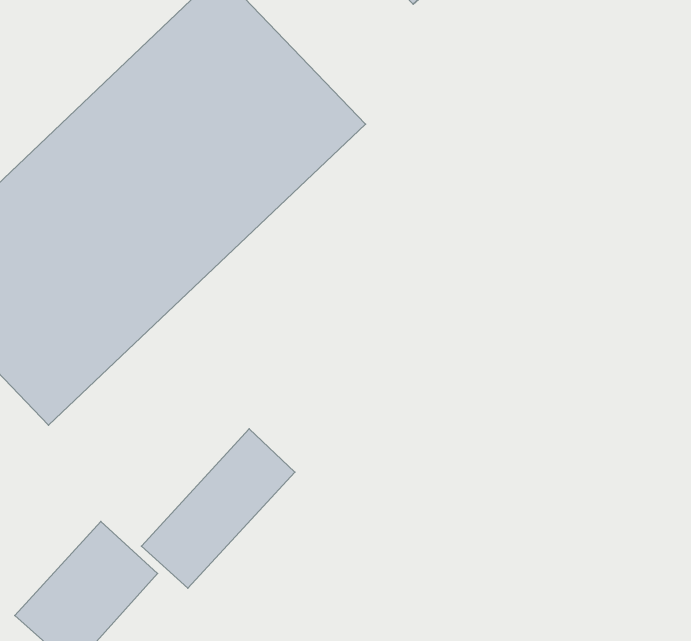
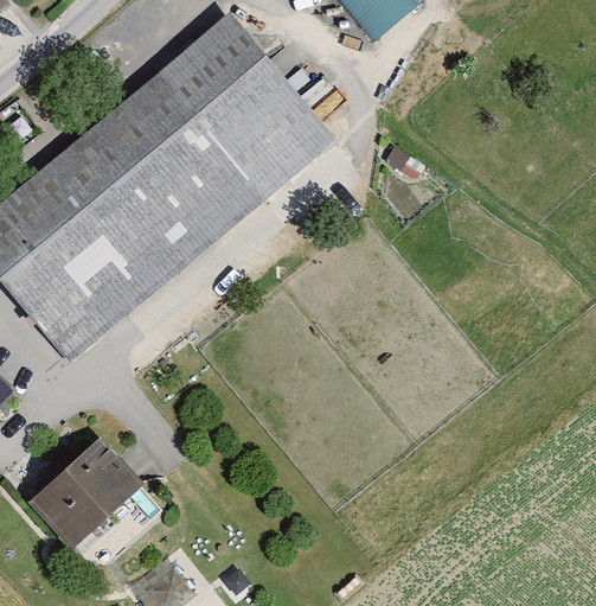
building: [141,429,295,588] -> none

